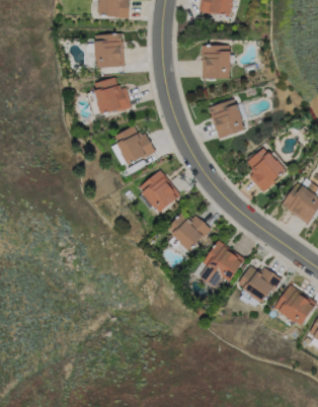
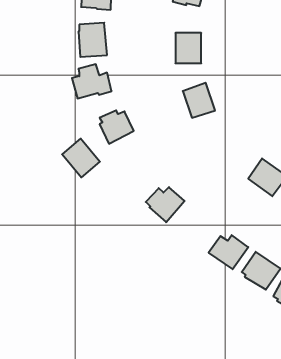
building: [247,148,284,190] -> none
building: [139,172,180,215] -> [62,139,100,177]
building: [193,242,244,291] -> none

